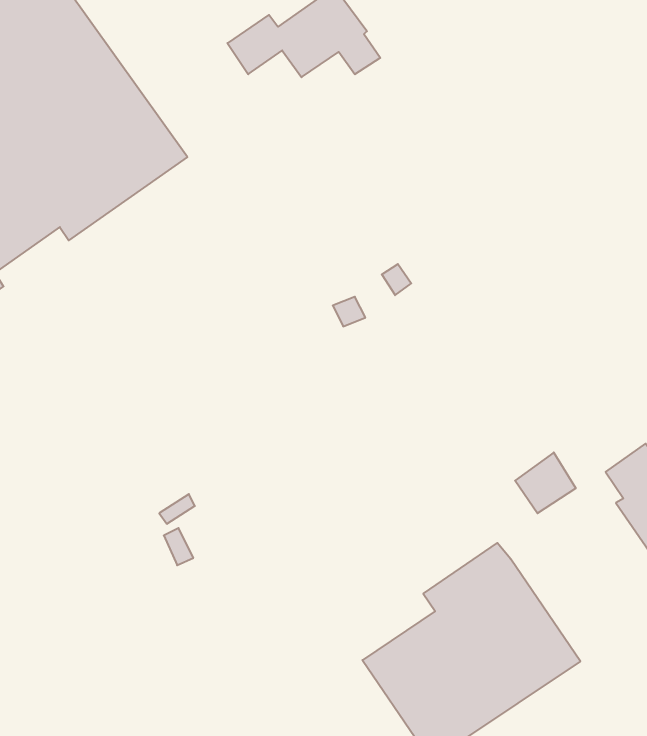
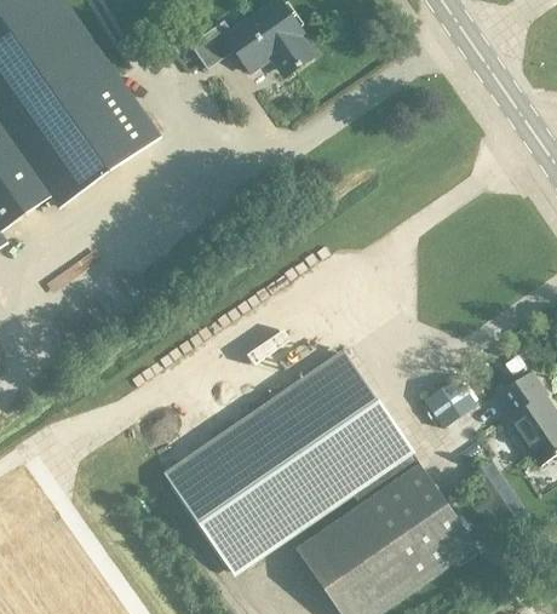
building: none -> [170,352,410,570]

